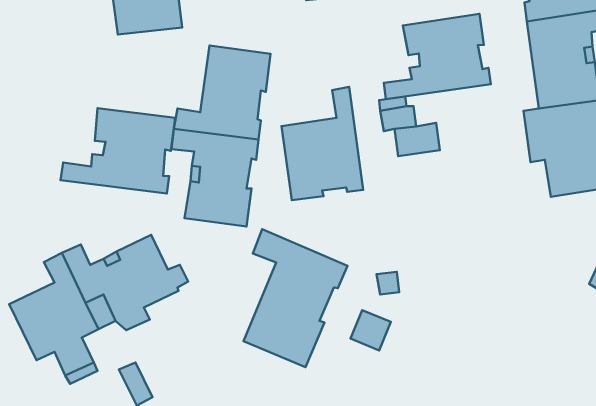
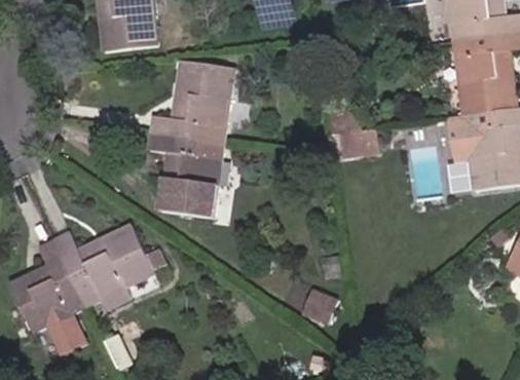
building: [384,14,491,99] -> none
building: [281,87,363,200] -> none
building: [61,108,175,194] -> none
building: [244,229,347,367] -> none

